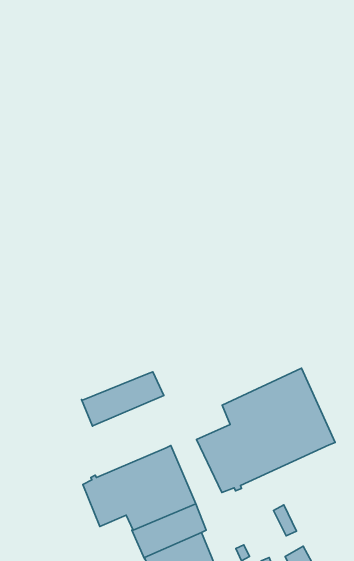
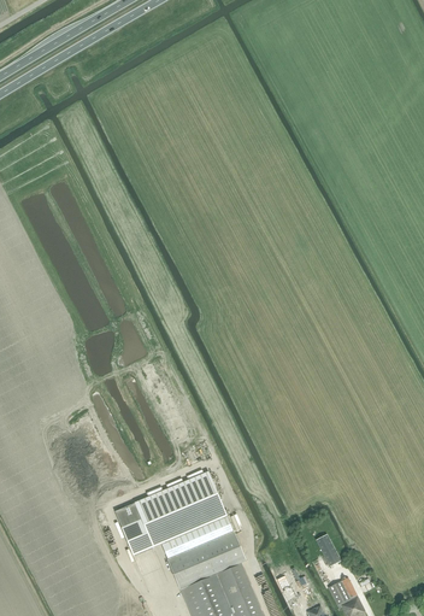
building: [197,368,335,492] -> none
building: [82,372,164,426] -> none

